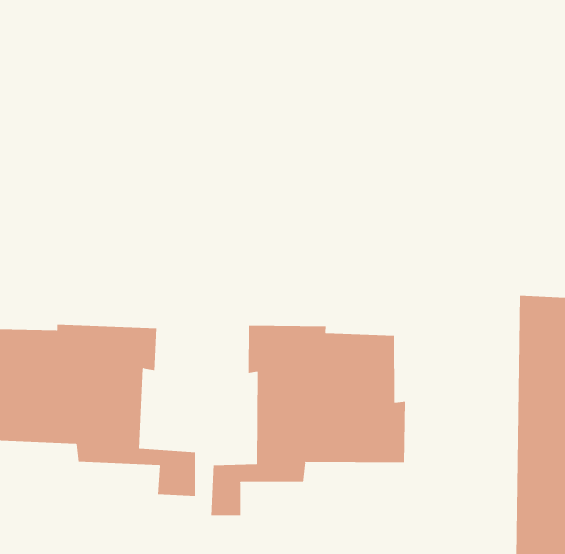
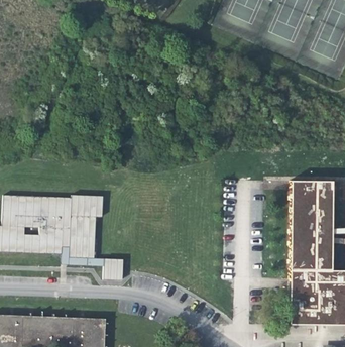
building: [211,325,405,516] -> none

